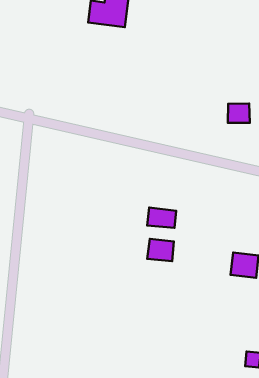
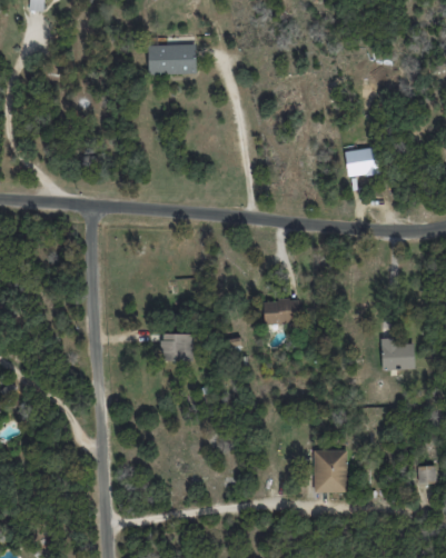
building: none -> [161,333,194,361]
building: [147,239,174,261] -> none
building: none -> [314,450,347,492]

